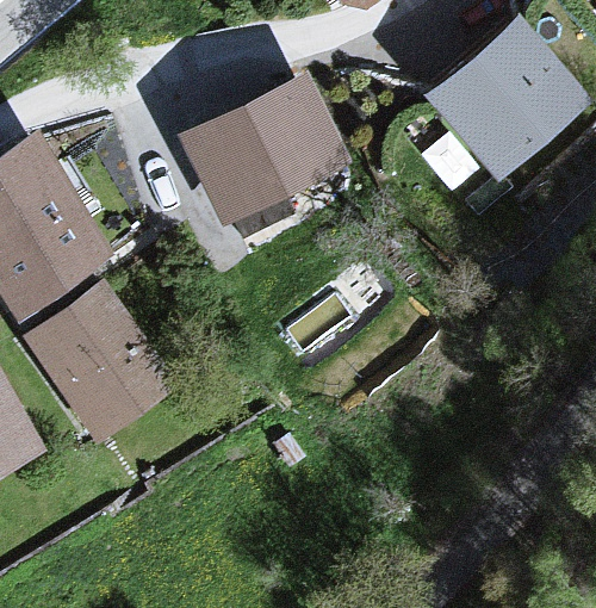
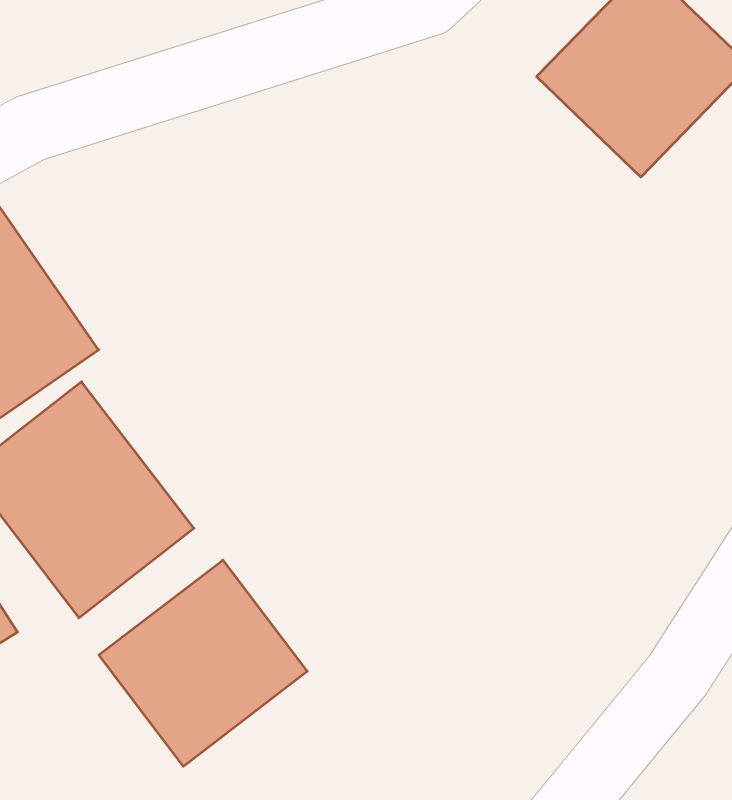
building: [175,76,346,230] -> none
building: none -> [99,560,307,766]

